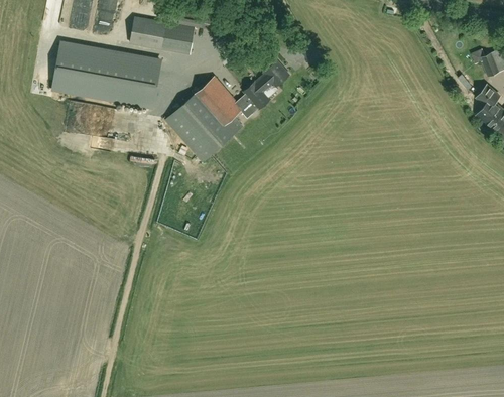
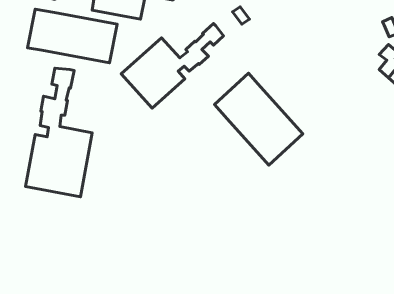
building: none -> [26,68,92,197]
building: none -> [214,73,303,165]

